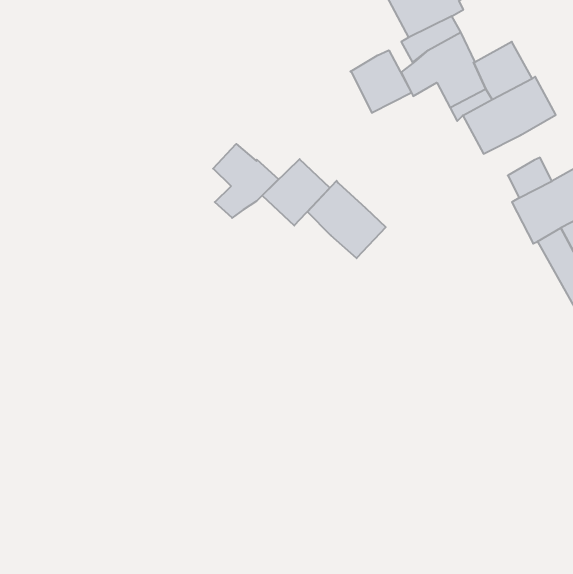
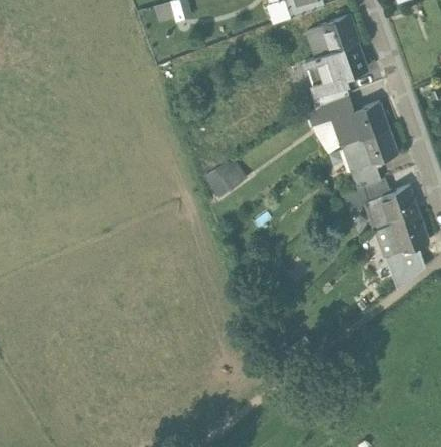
building: [350,50,412,113] -> none
building: none -> [350,163,381,189]
building: [213,144,279,218] -> none
building: [307,181,386,258] -> none

